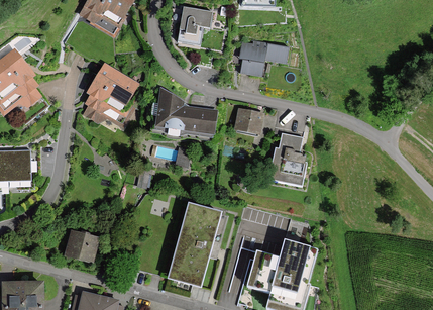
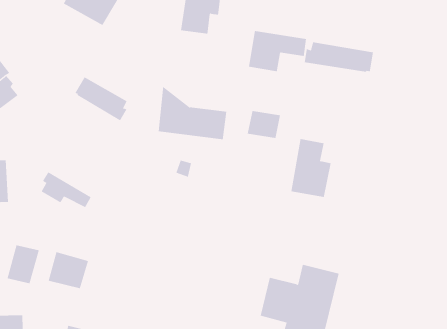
building: none -> [304,41,374,72]
building: [96,65,136,100] -> none
building: [84,95,127,126] -> [41,171,91,208]
building: [171,203,224,287] -> none
building: none -> [7,245,39,284]

